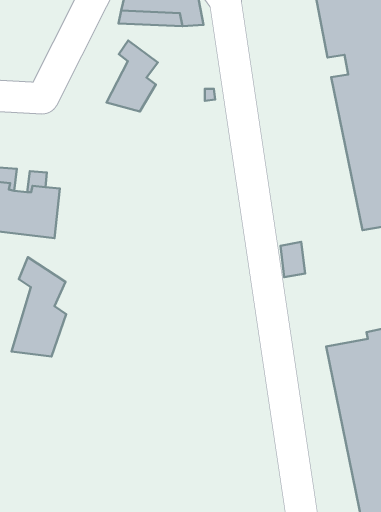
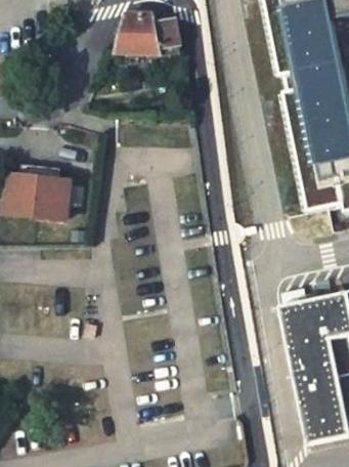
building: [106,40,158,111] -> none
building: [11,257,66,356] -> none

